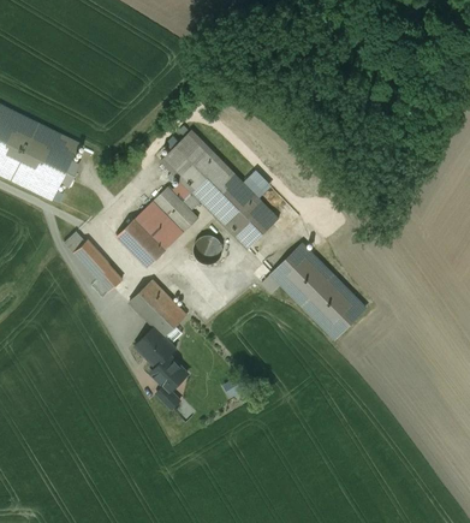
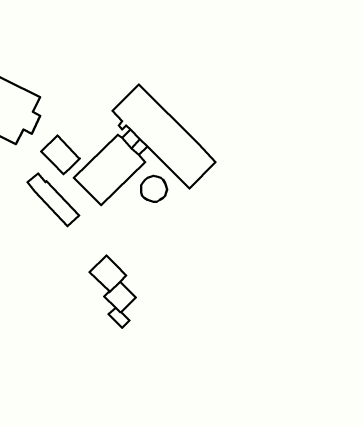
building: none -> [41,136,80,174]
building: [261,244,364,337] -> none
building: [130,279,188,335] -> none

